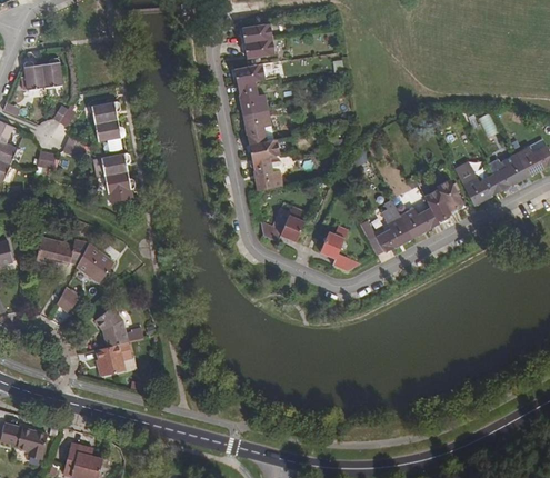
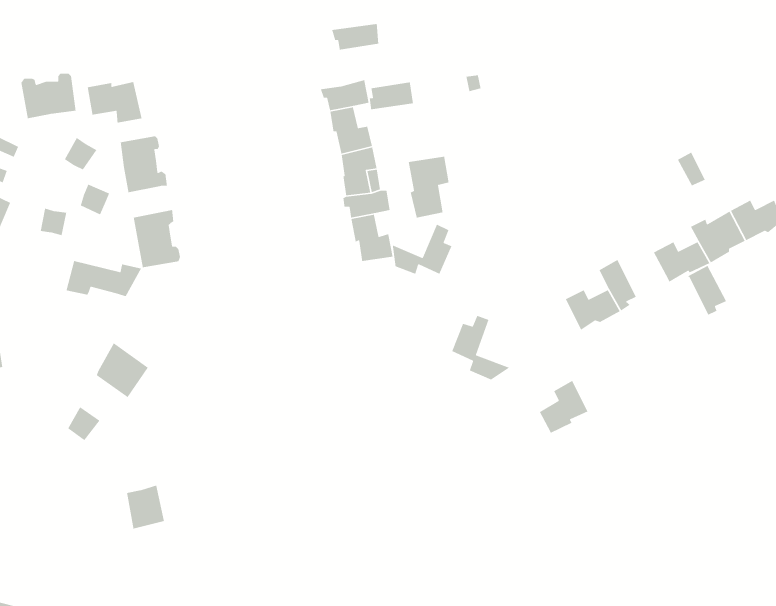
building: [243,38,274,58] -> [369,81,414,110]
building: none -> [87,81,142,124]
building: none -> [408,156,450,218]
building: [437,178,464,213] -> [687,265,727,316]
building: [261,205,303,240] -> [392,223,453,275]
building: [378,215,412,252] -> [539,380,588,434]
building: [34,239,88,265] -> [65,260,142,297]
building: [96,307,127,347] -> none

